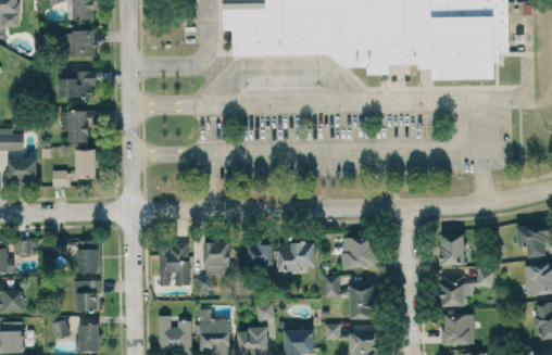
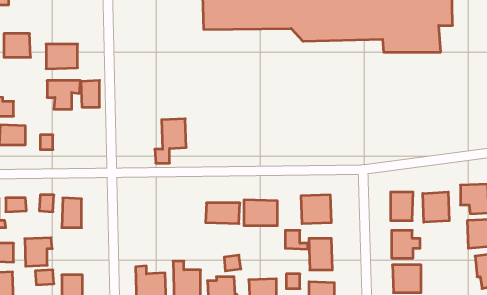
building: [66,30,96,56] -> [4,34,31,57]
building: [75,149,96,178] -> [81,80,100,107]
building: none -> [423,192,449,222]
building: [160,242,190,286] -> none
building: [196,242,230,291] -> [155,119,186,163]
building: [73,280,103,312] -> [25,238,52,266]

